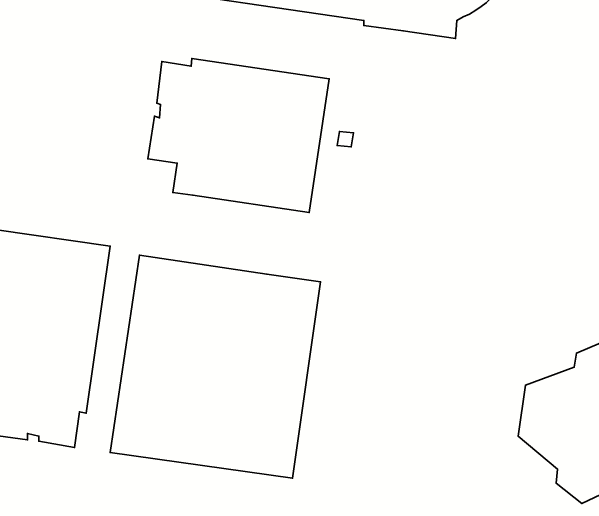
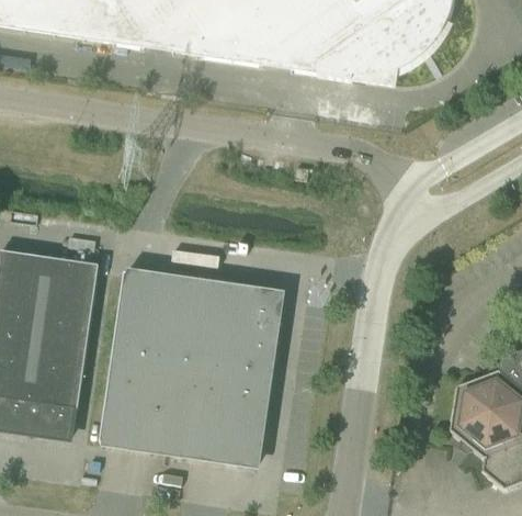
building: [148,59,329,212] -> none

